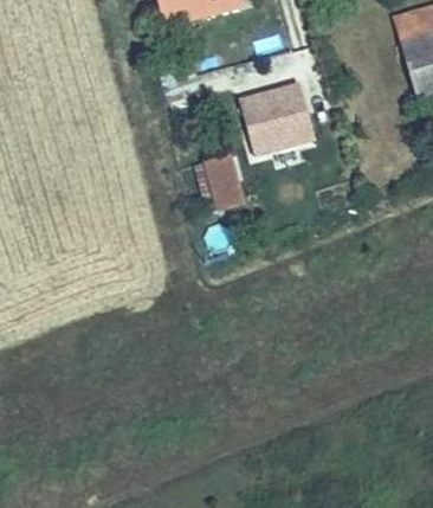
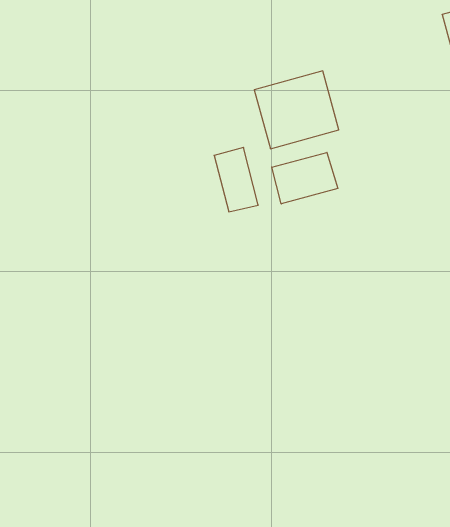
building: none -> [272,152,338,204]

